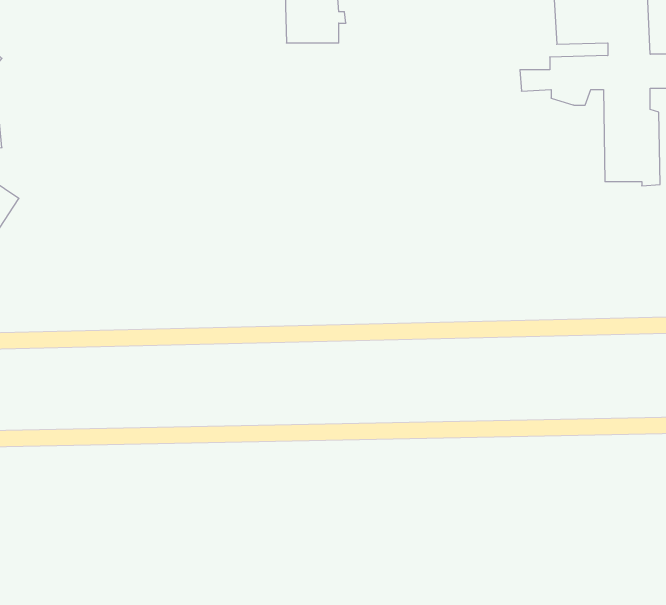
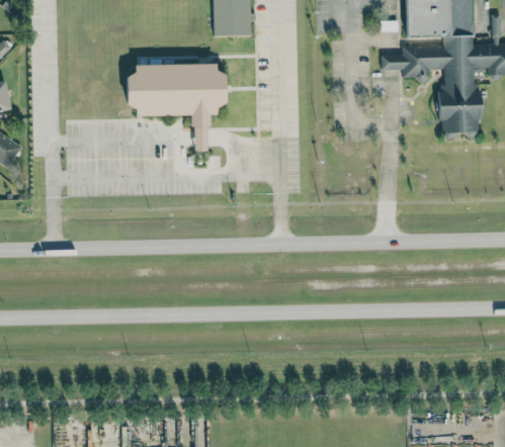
building: none -> [127,64,226,151]

